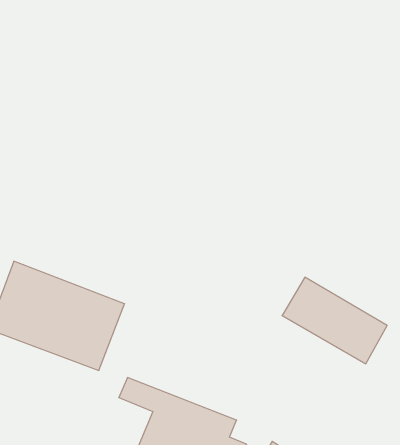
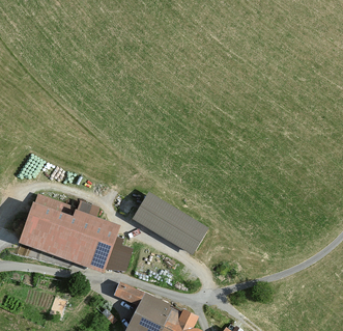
building: [282,277,387,364] -> [133,190,209,253]

